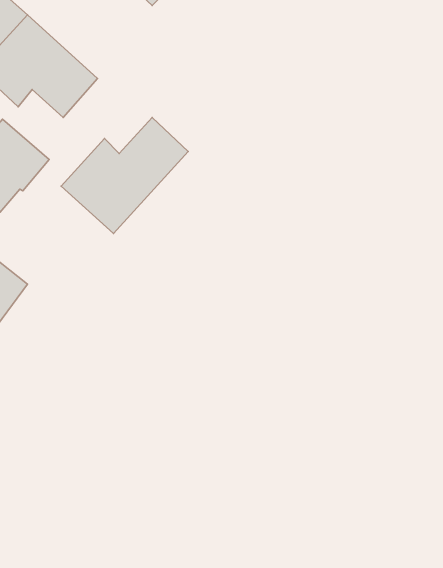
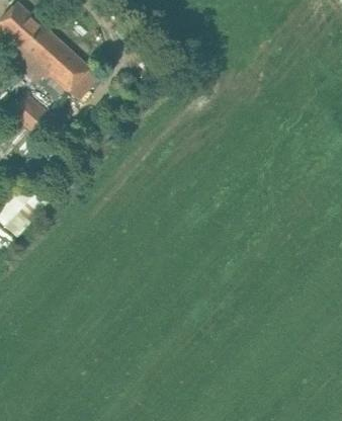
building: [61,118,188,234] -> none

